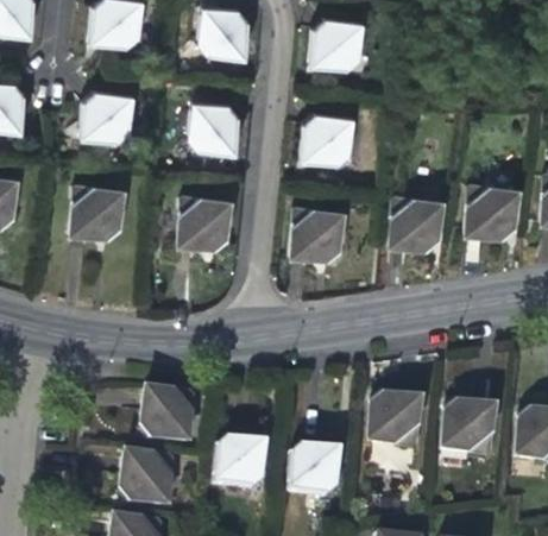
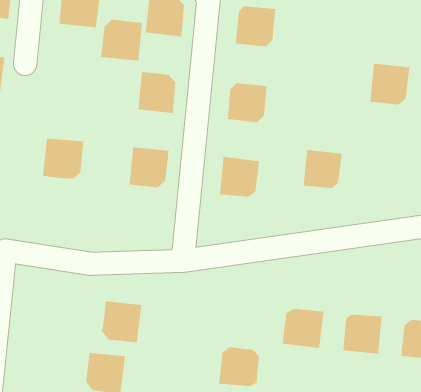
building: [77,93,131,145] -> [100,19,143,61]
building: [467,187,518,239] -> [369,63,410,105]
building: [215,440,266,490] -> none

